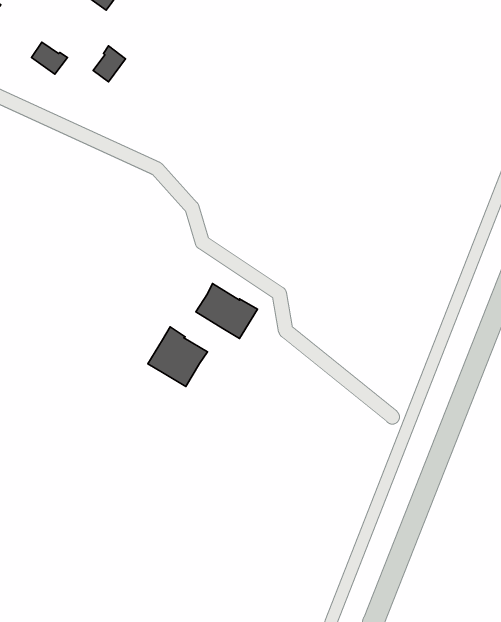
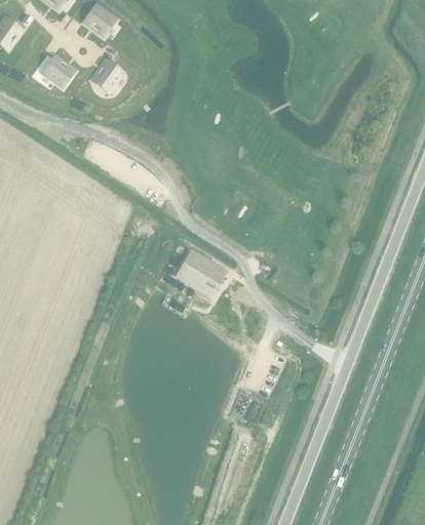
building: [148,327,208,387] -> none

